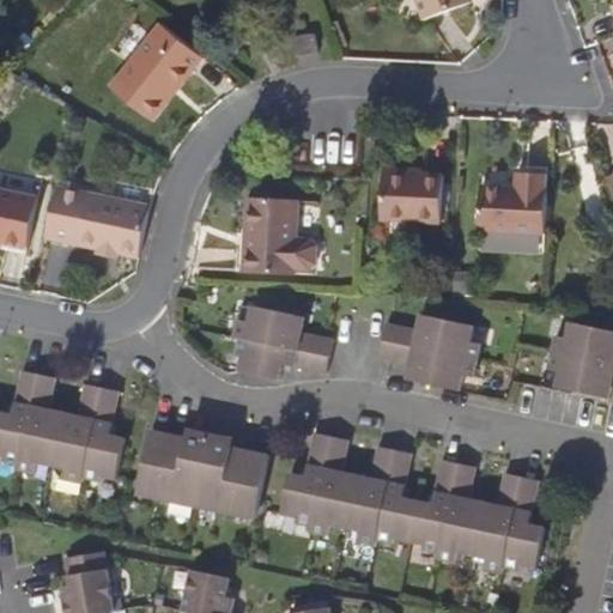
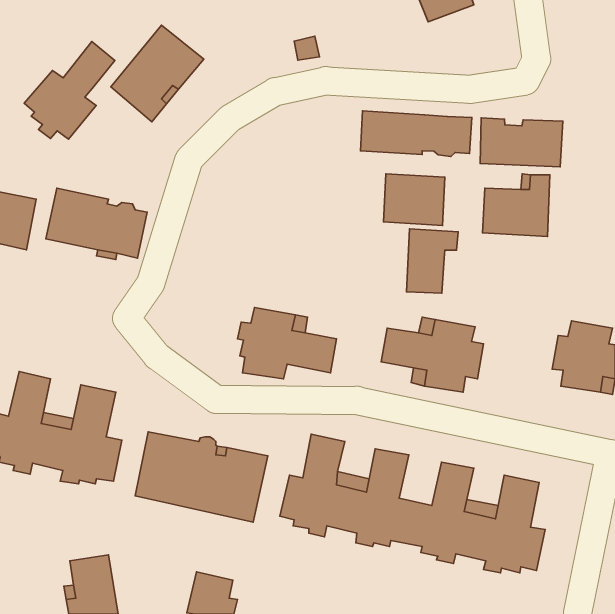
building: none -> [24,42,115,139]
building: none -> [360,111,472,156]
building: none -> [480,118,563,167]
building: [244,198,318,274] -> none
building: none -> [406,229,458,293]

